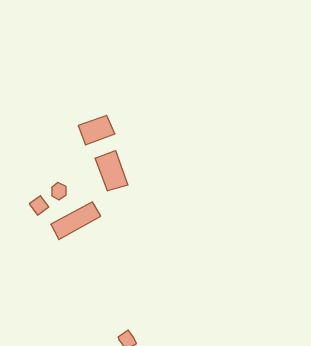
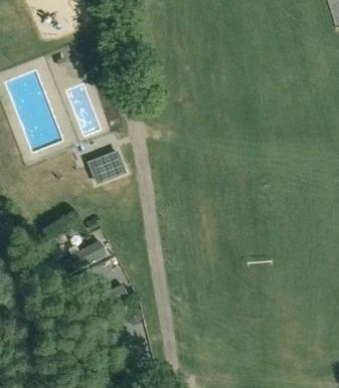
building: [95,151,128,191] -> none

